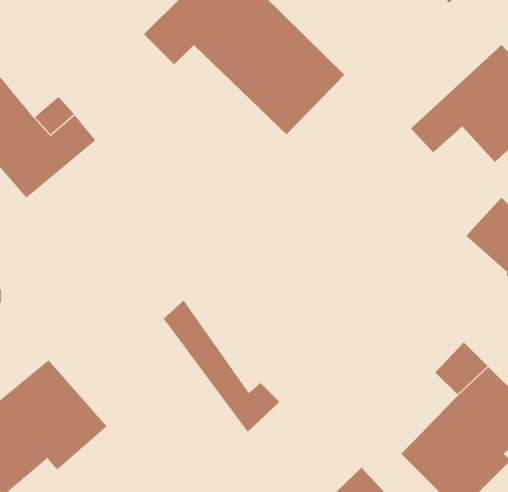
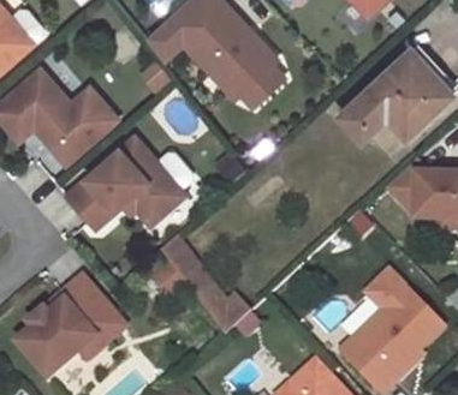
building: none -> [60,134,184,232]

